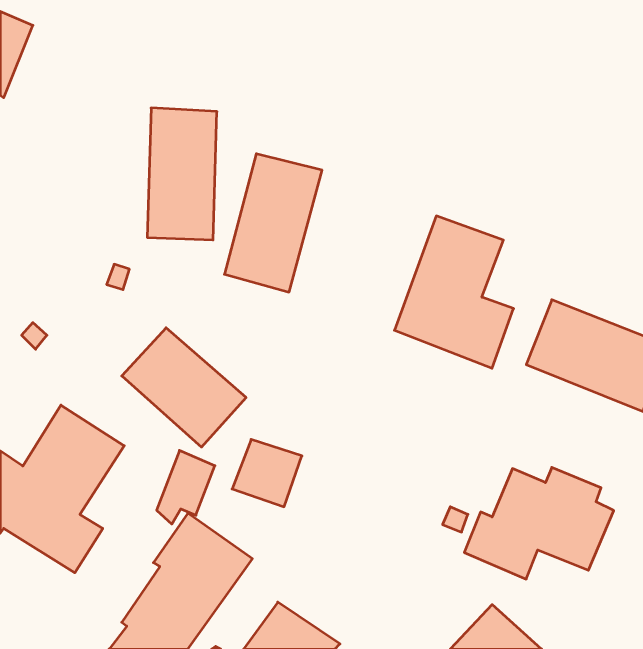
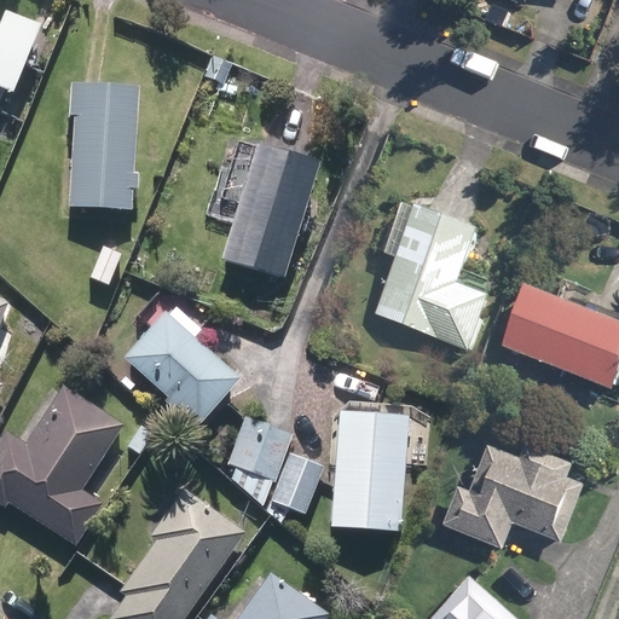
building: [147,108,217,240] -> [66,83,133,209]
building: none -> [328,411,406,532]
building: [157,450,215,524] -> [267,453,323,523]

